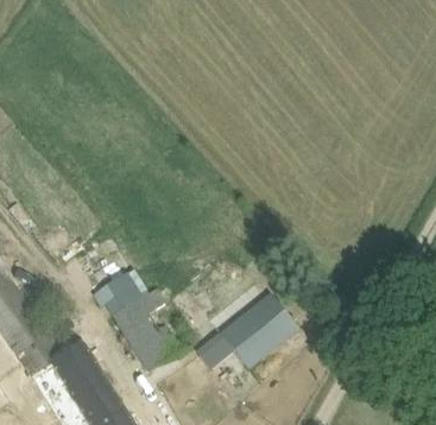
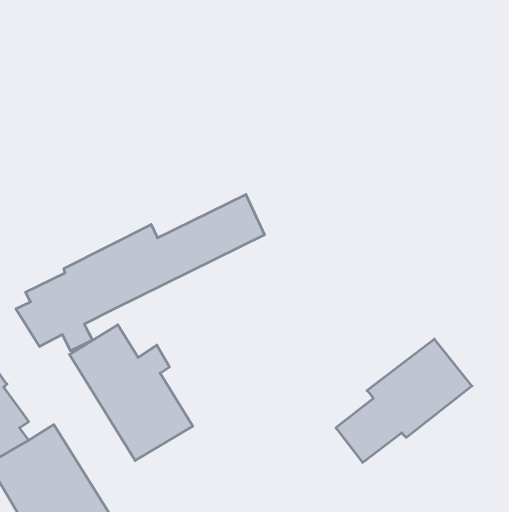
building: none -> [16,194,264,351]
building: [192,293,296,387] -> [336,339,472,462]

